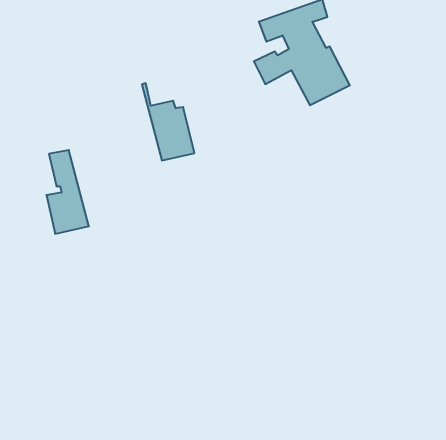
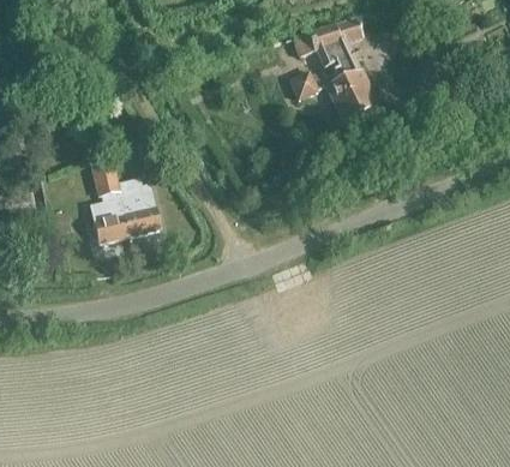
building: [142,83,194,161] -> [110,161,161,235]

